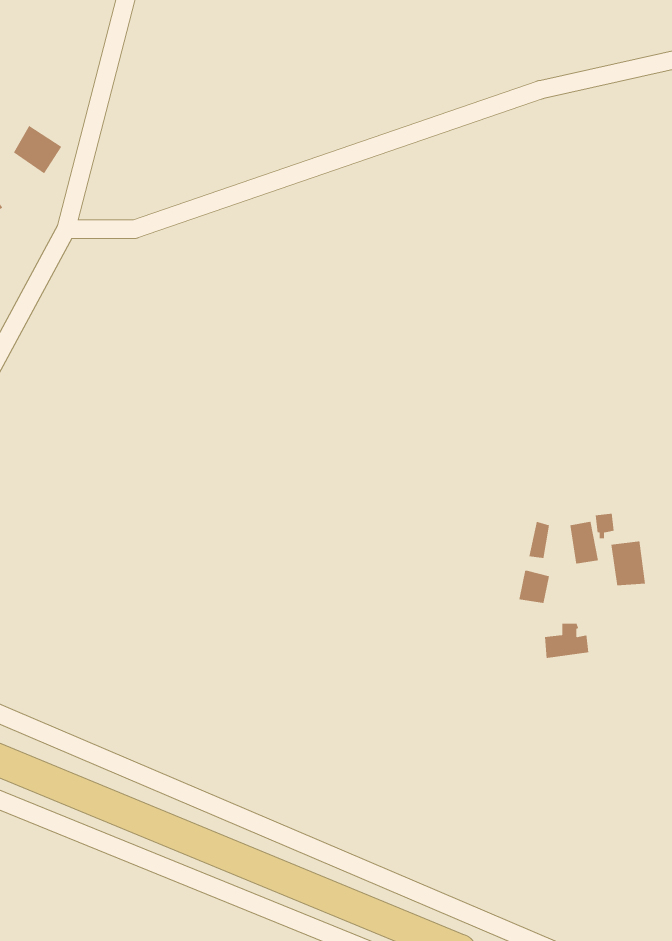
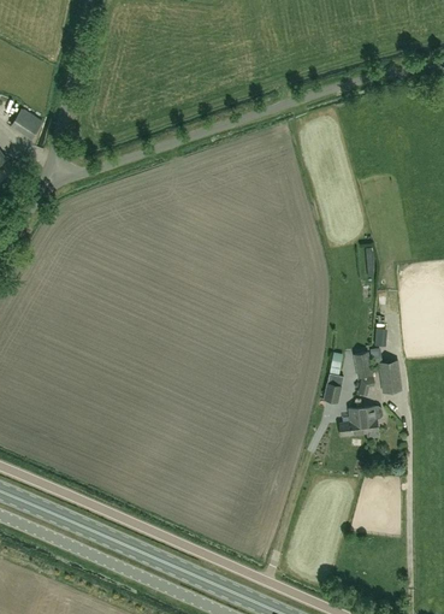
building: none -> [347,406,381,432]

